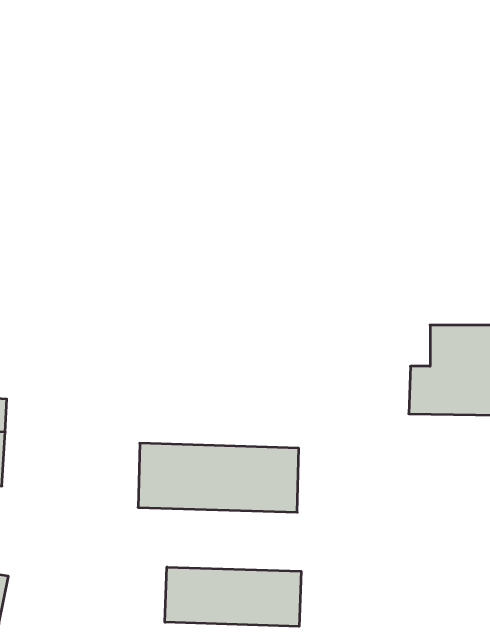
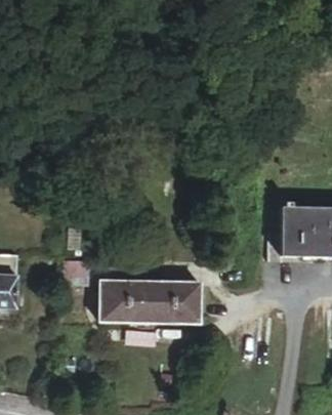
building: [165,567,301,626] -> none

